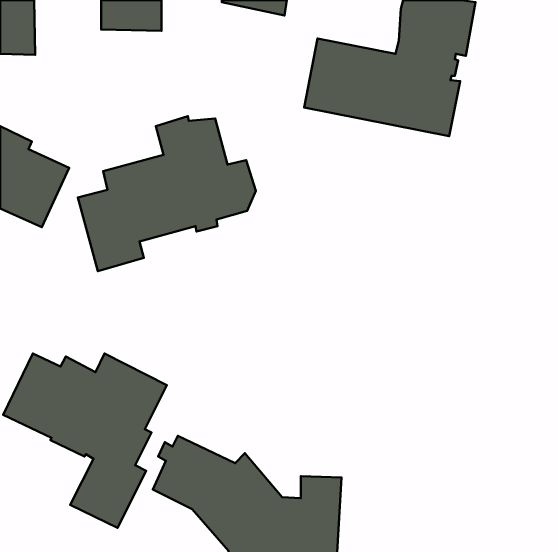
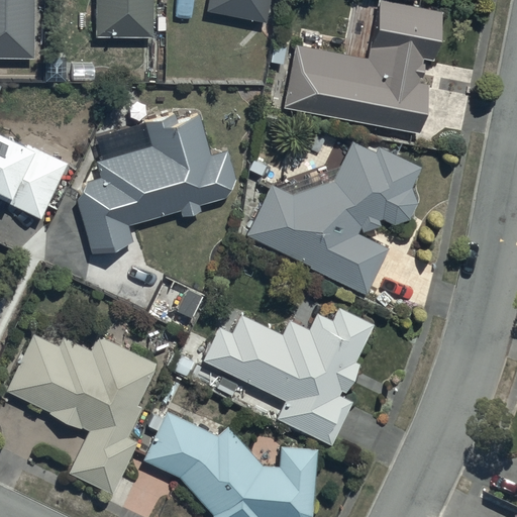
building: none -> [247,140,419,294]
building: none -> [202,298,373,444]

